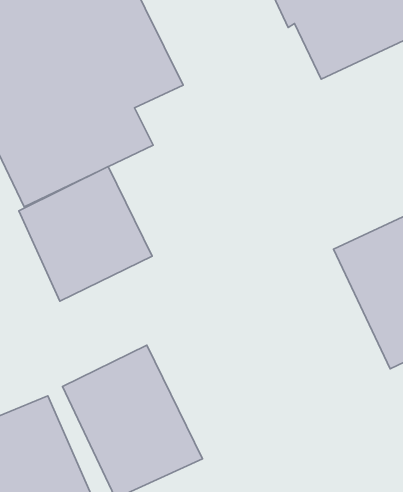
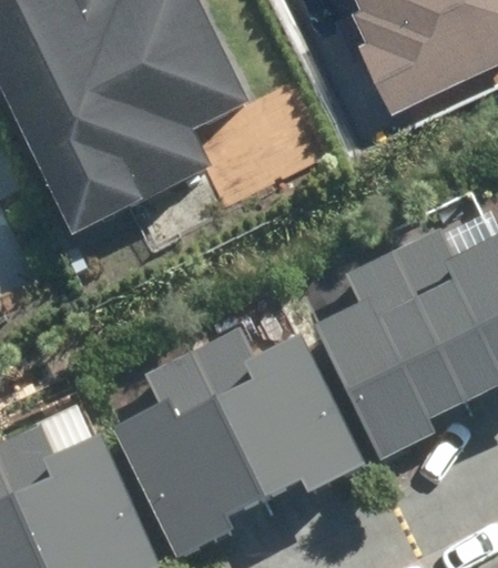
building: [19,167,152,301] -> none
building: none -> [317,283,467,453]
building: none -> [205,341,362,508]

